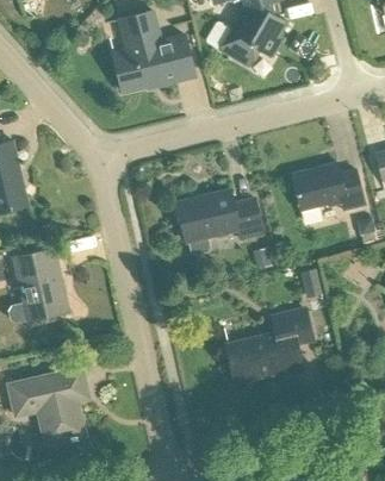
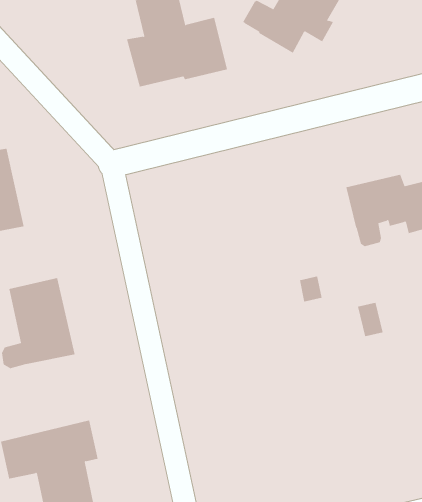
building: [176,192,262,255] -> none
building: [225,310,311,383] -> none

